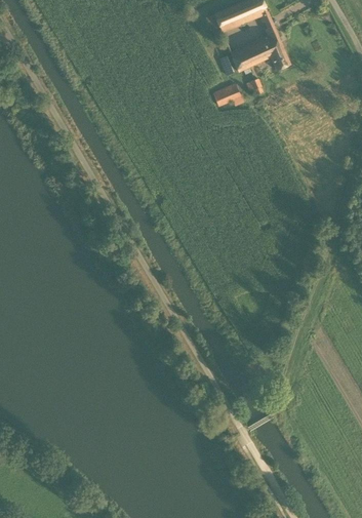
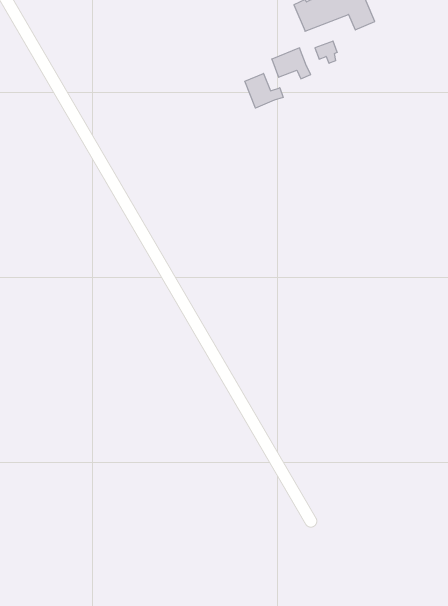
building: none -> [245,73,283,108]

